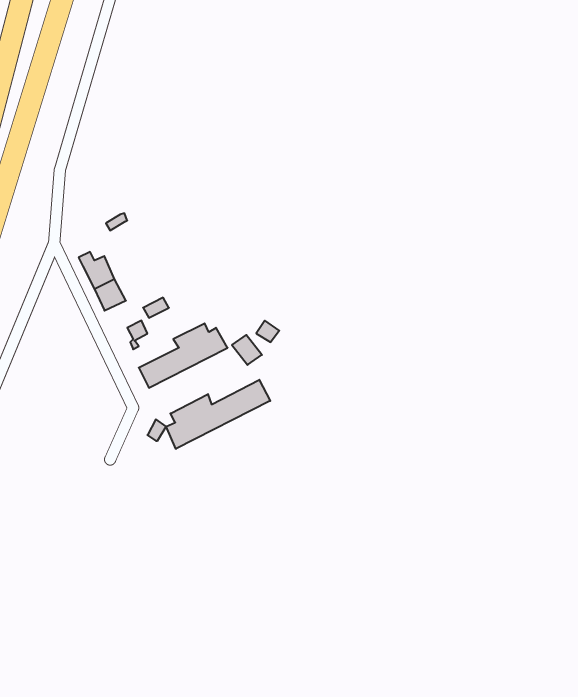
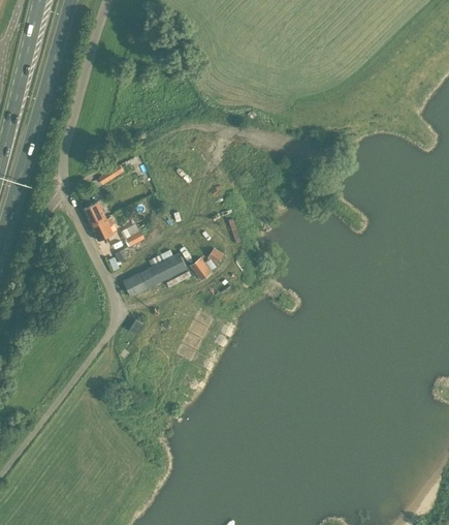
building: [166,380,270,449] -> none

